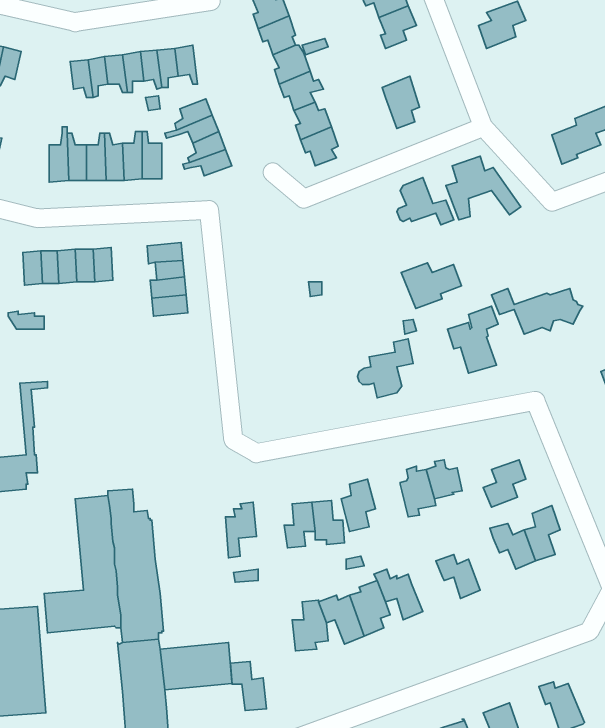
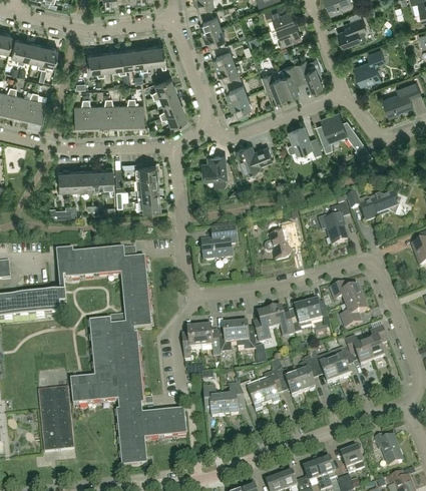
building: none -> [354,49,385,86]
building: none -> [296,59,323,89]
building: none -> [262,72,288,99]
building: none -> [201,153,229,186]
building: [401,263,462,309] -> [236,145,273,173]
building: none -> [201,226,237,261]
building: none -> [63,247,151,331]
building: none -> [331,284,363,305]
building: none -> [270,308,295,337]
building: none -> [199,325,221,356]
building: none -> [330,337,352,379]
building: none -> [297,357,316,392]
building: [230,661,266,710] -> [203,387,226,417]

